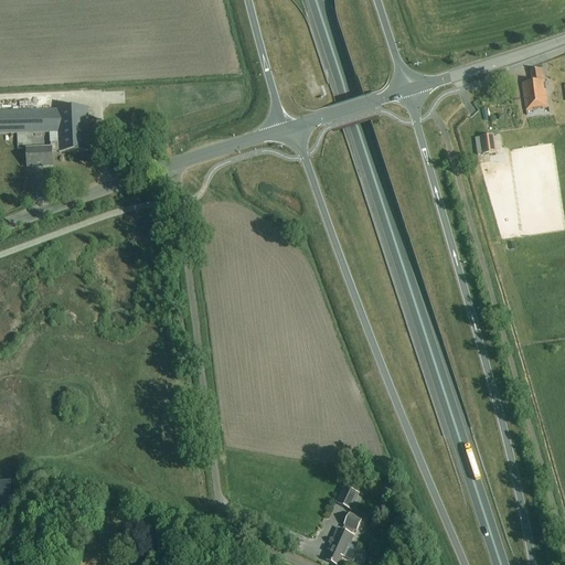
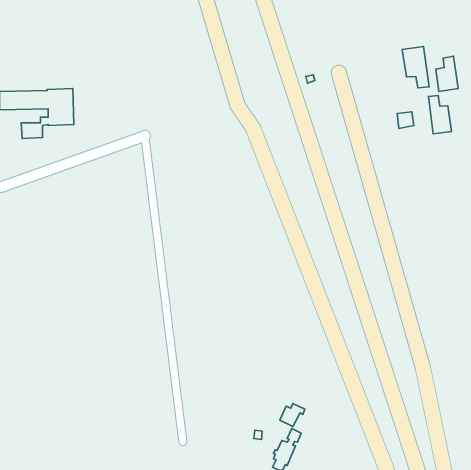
building: none -> [402,46,429,88]
building: none -> [429,96,451,134]

